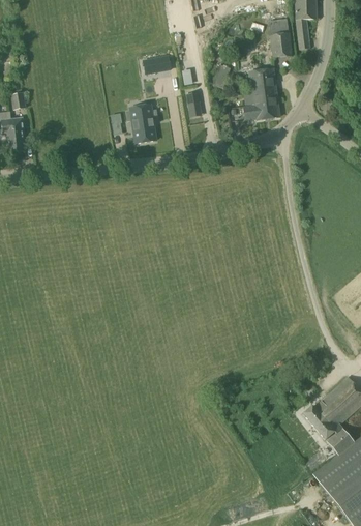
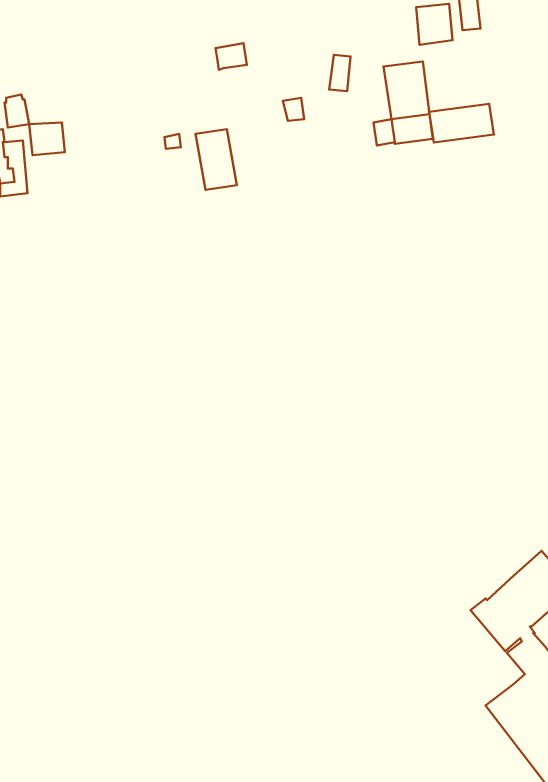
building: none -> [429,104,494,142]
building: none -> [29,123,65,155]

